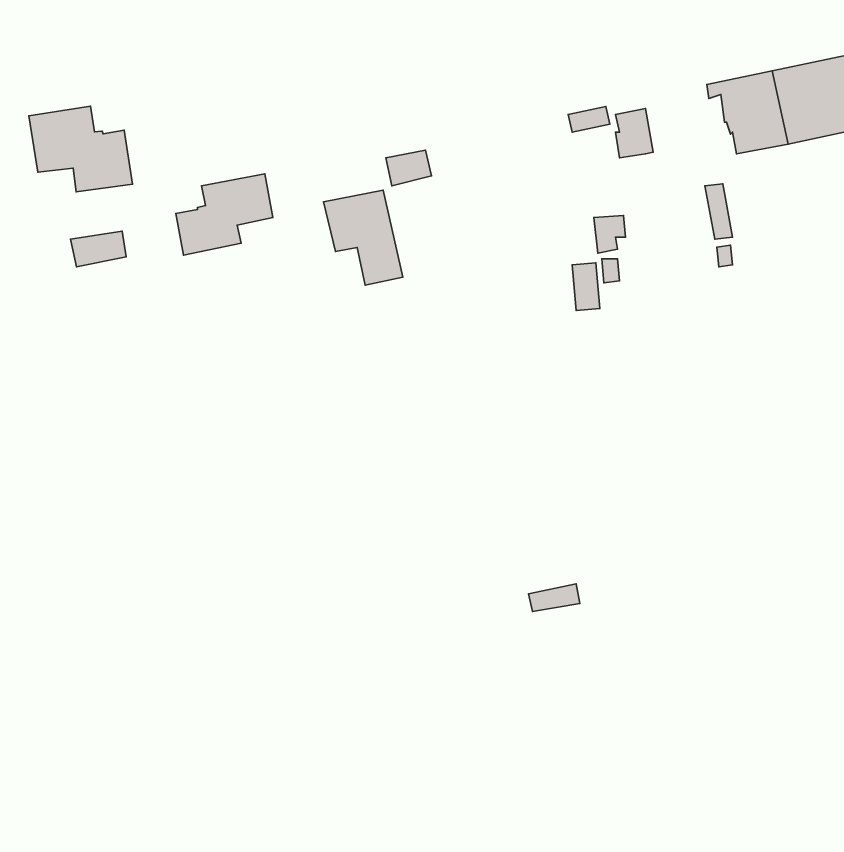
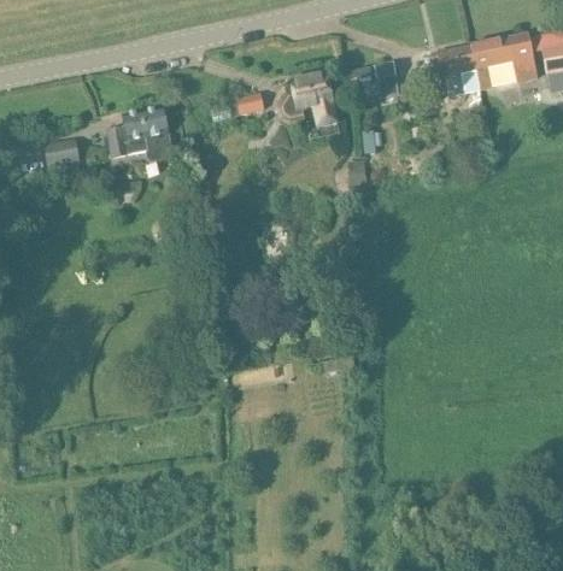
building: [29,106,133,192] -> none
building: [324,190,403,285] -> [291,72,339,130]

